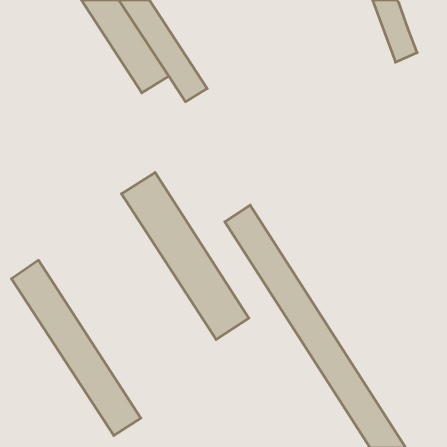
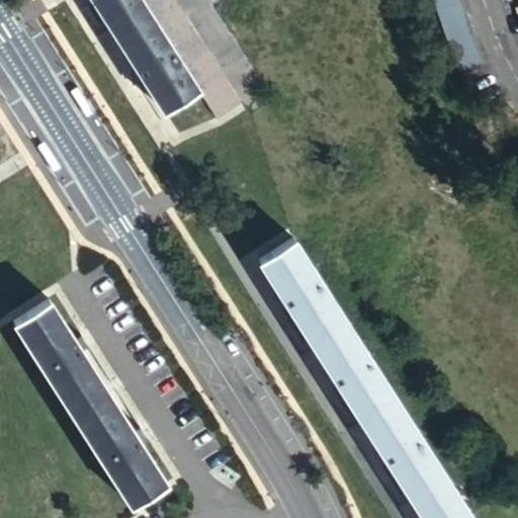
building: [121,172,249,340] -> none

